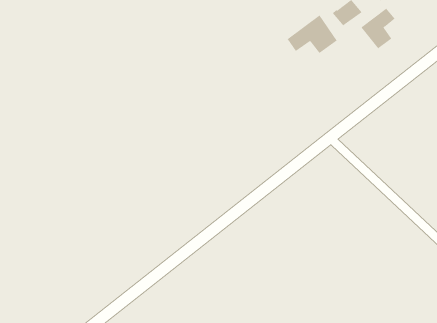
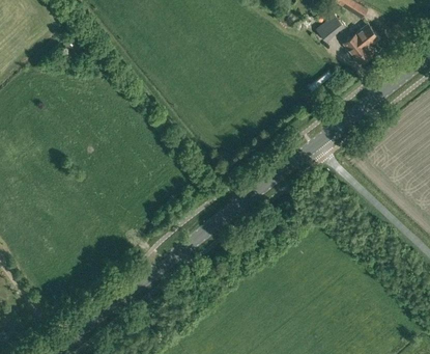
building: [287,15,338,54] -> none

